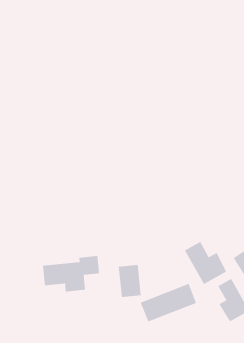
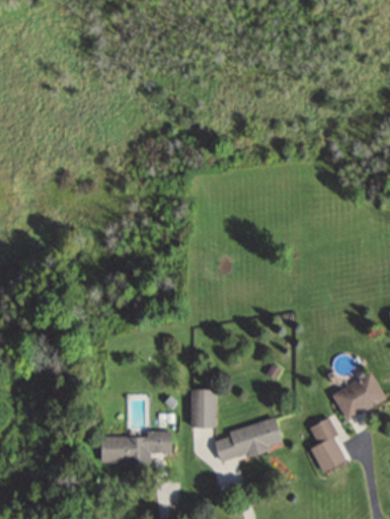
building: [184,241,227,285] -> none
building: [42,256,100,292] -> [100,431,170,471]

